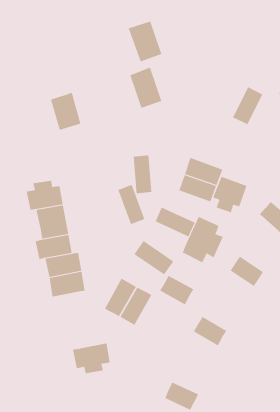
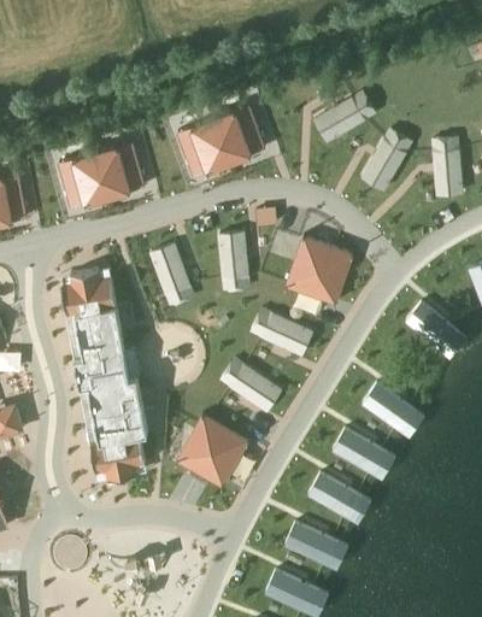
building: [128,21,162,62] -> [181,116,231,177]
building: none -> [315,89,376,141]
building: none -> [60,152,111,208]
building: [212,176,247,213] -> none
building: [117,184,145,225] -> [152,246,193,306]
building: [182,216,223,263] -> none
building: [159,275,194,305] -> [333,429,384,474]
building: [72,343,110,374] -> [90,436,147,482]
building: none -> [284,522,335,564]

